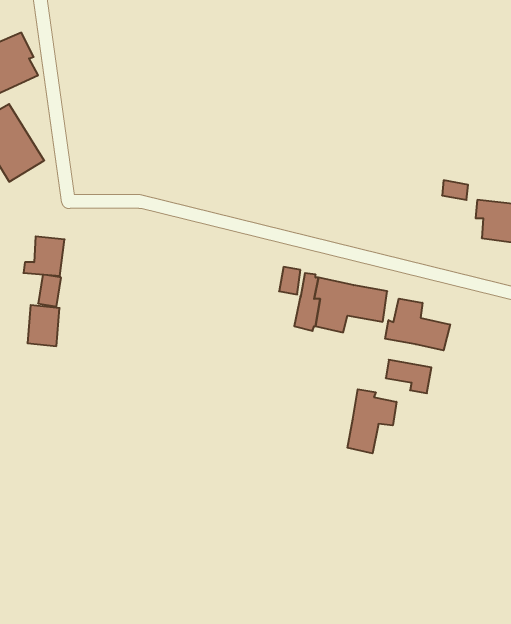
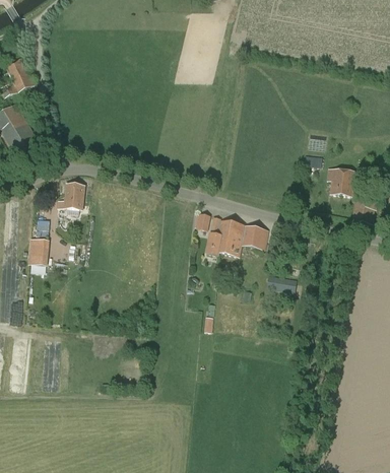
building: [23,236,65,276] -> [57,183,84,209]
building: [385,299,450,350] -> none
building: [347,389,396,453] -> none

